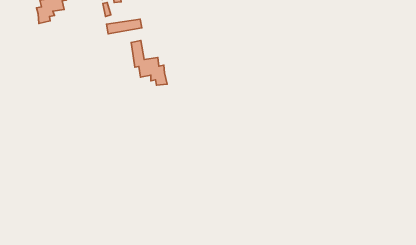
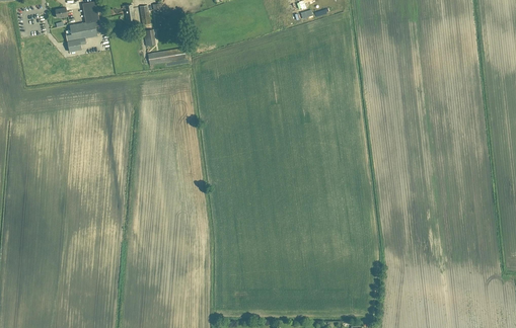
building: [131,41,167,85] -> none

